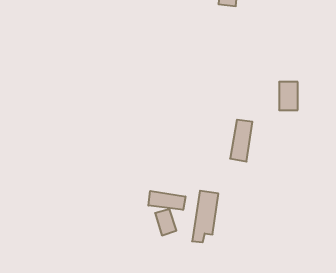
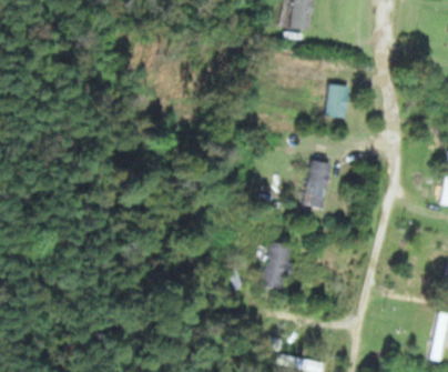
building: [279,82,298,110] -> [326,86,347,118]
building: [148,191,185,210] -> none

